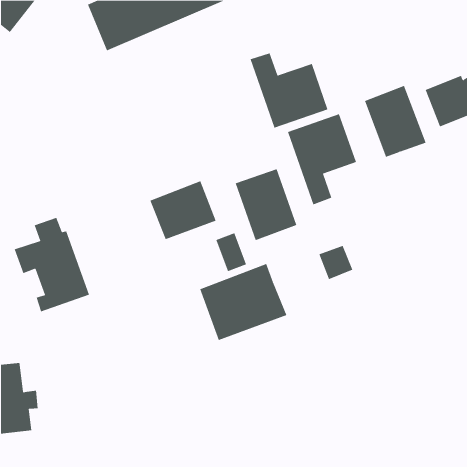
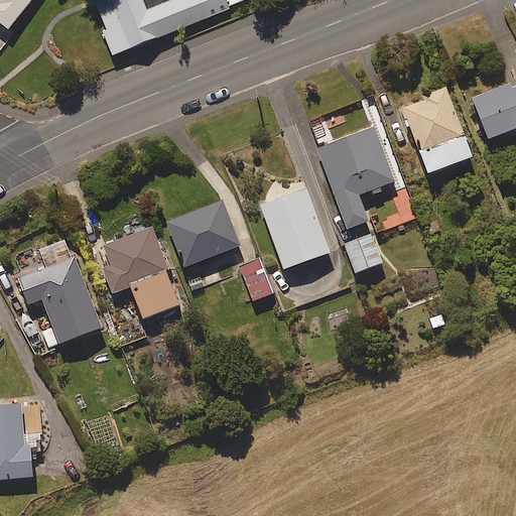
building: [250,52,328,129] -> none
building: none -> [100,226,177,317]
building: [318,245,353,280] -> [344,233,382,271]
building: [199,263,287,341] -> none

